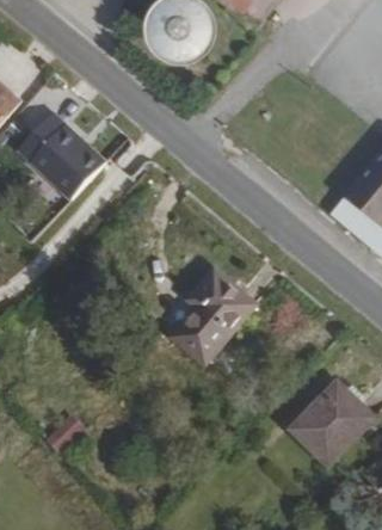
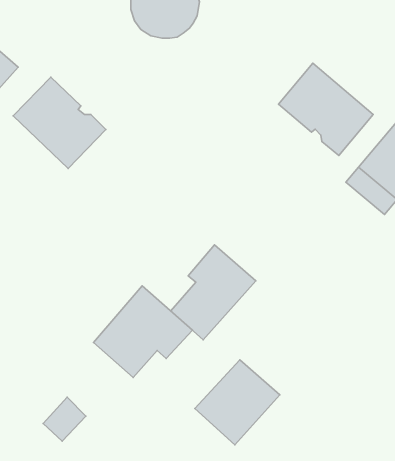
building: none -> [279,63,373,155]
building: none -> [93,286,192,377]
building: [290,384,371,466] -> [195,360,280,445]

